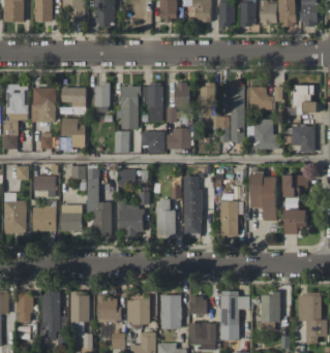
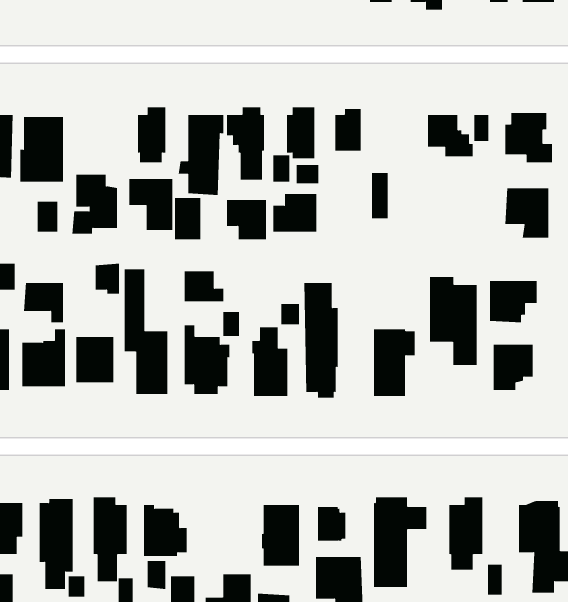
building: [229,81,244,141] -> none
building: [62,87,86,115] -> [129,179,173,231]
building: [253,119,278,148] -> none
building: [126,294,149,328] -> none

